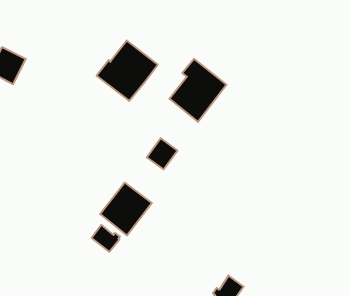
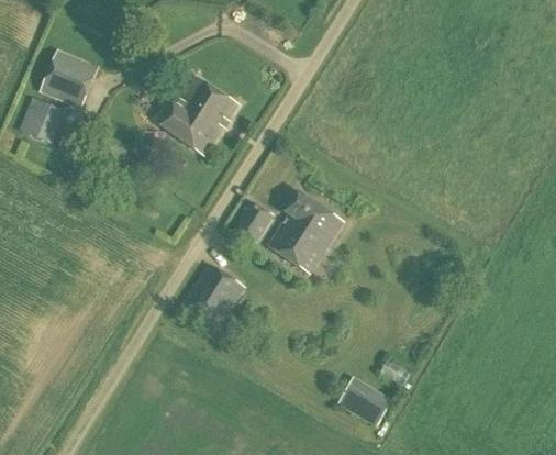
building: none -> [41,51,98,108]
building: [169,59,227,122] -> [270,191,344,274]
building: [92,225,120,252] -> none

